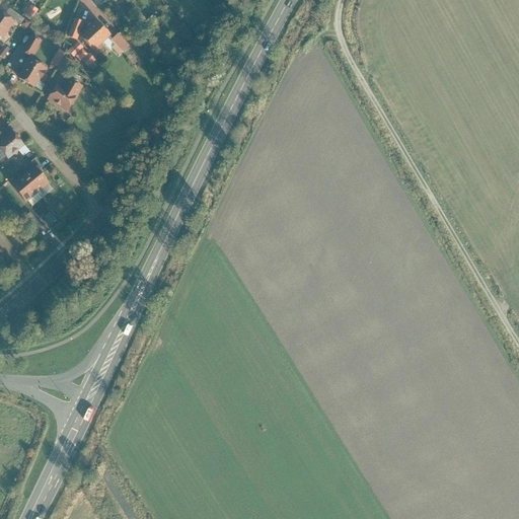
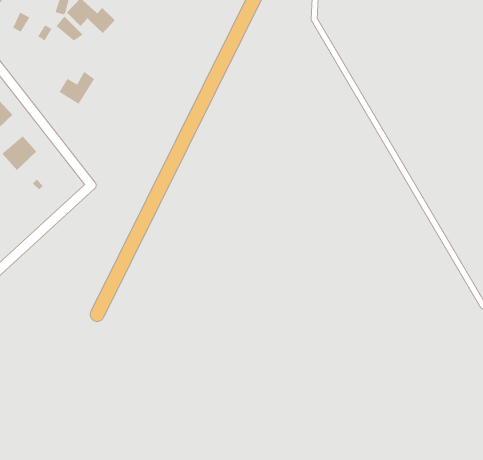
building: [18,57,50,88] -> none
building: [47,77,85,113] -> [59,71,95,105]

